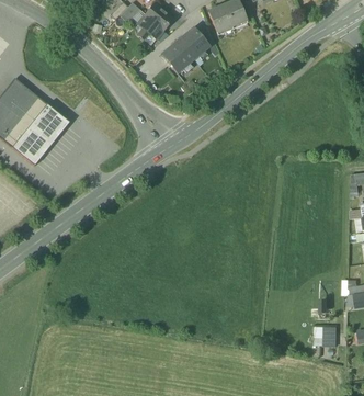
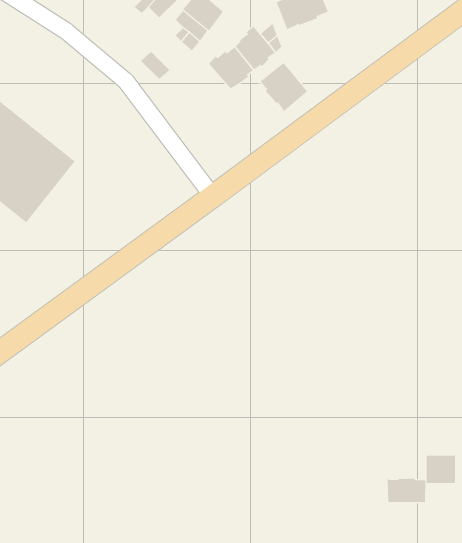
building: none -> [258,62,308,113]
building: none -> [387,478,426,503]

